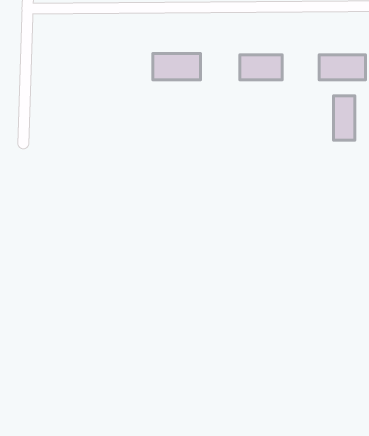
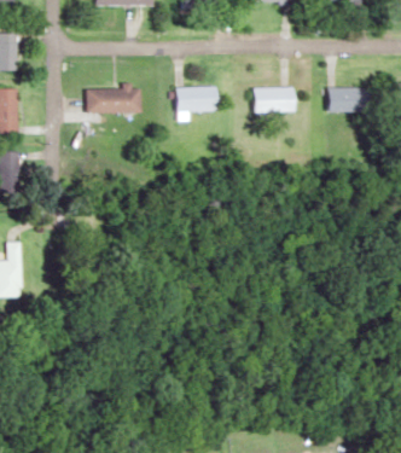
building: none -> [94,88,150,114]
building: [334,96,355,140] -> none

